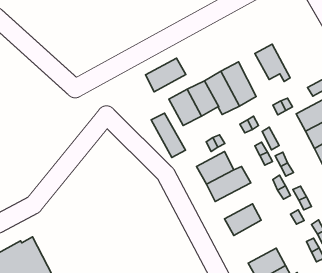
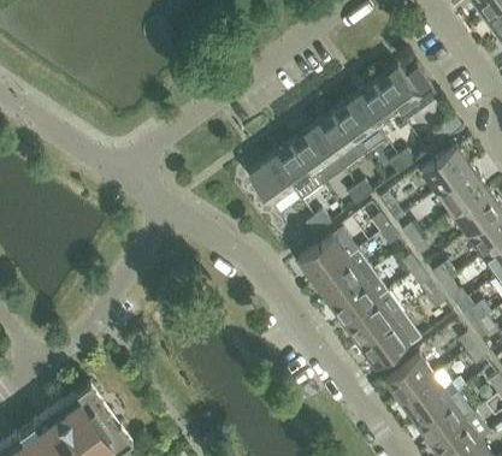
building: none -> [377,65,438,123]
building: none -> [335,96,386,154]
building: [145,58,186,92] -> none
building: [151,113,185,158] -> none
building: none -> [329,271,388,324]
building: none -> [360,319,409,366]

